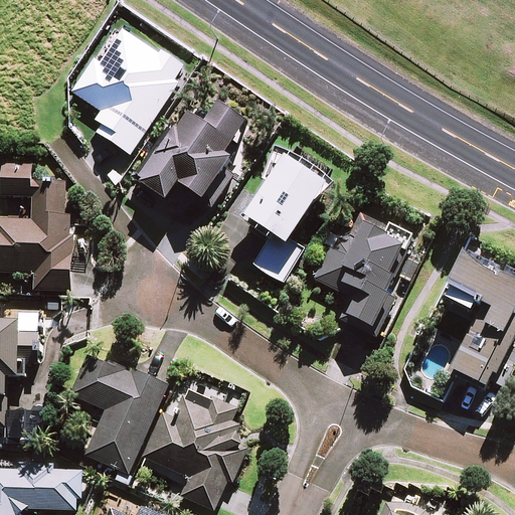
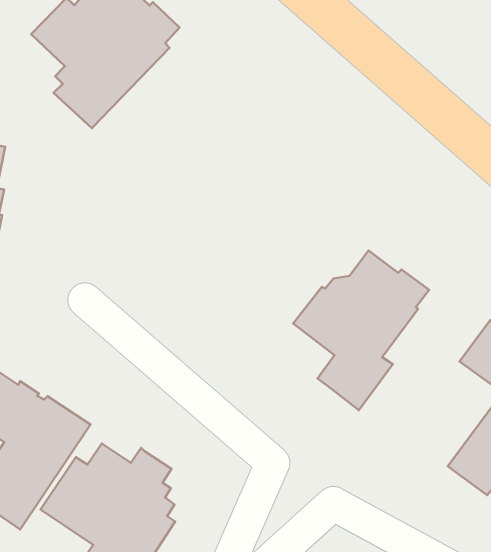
building: [140,103,245,207] -> none
building: [244,146,333,283] -> none

